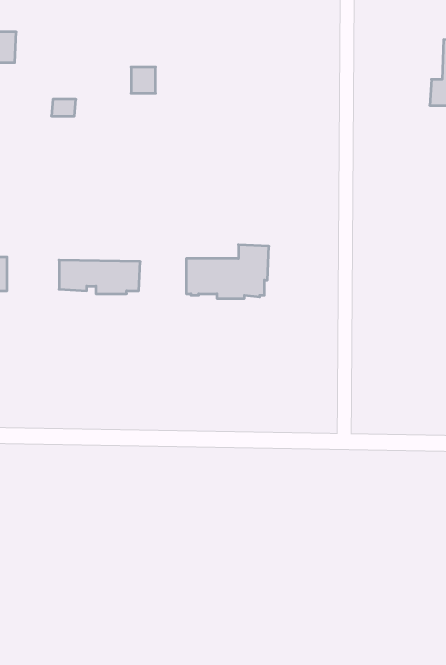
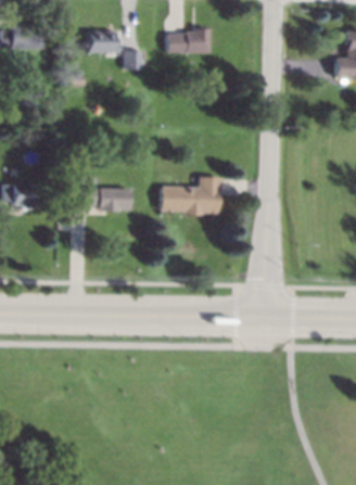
building: none -> [88,29,118,53]
building: none -> [167,29,209,53]

